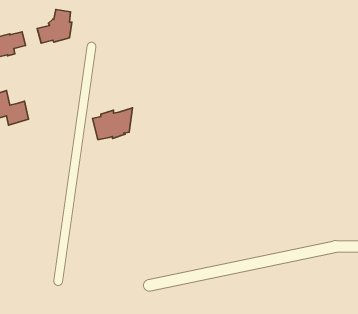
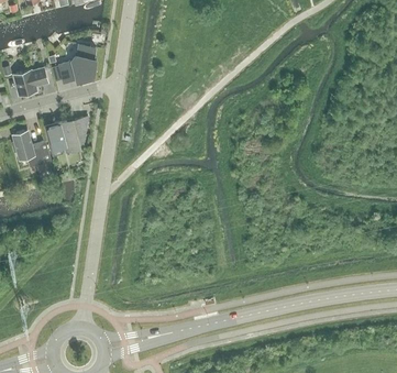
building: [92,108,132,139] -> [45,117,87,150]

